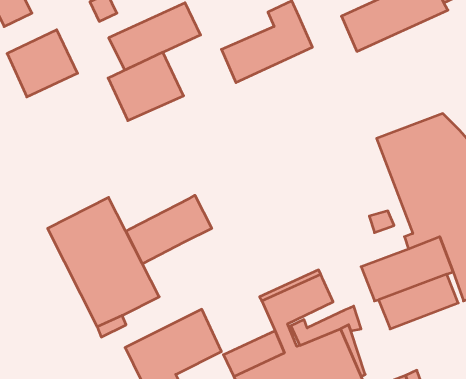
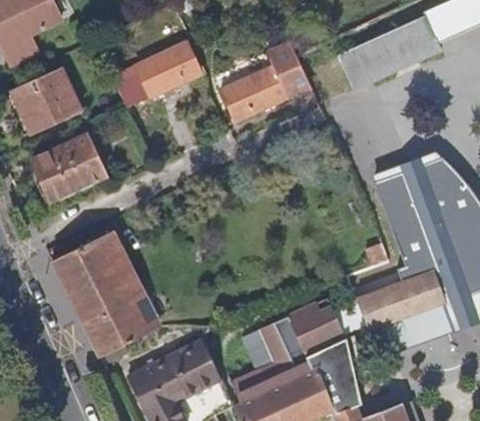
building: [108,52,184,121] -> [32,135,105,201]
building: [126,195,212,264] -> none
building: none -> [286,305,346,375]

